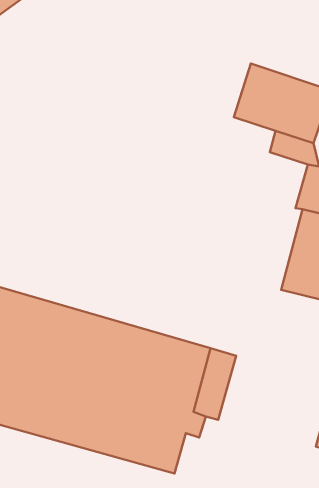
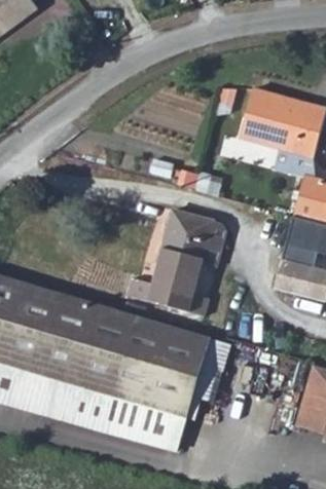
building: none -> [114,204,225,313]

